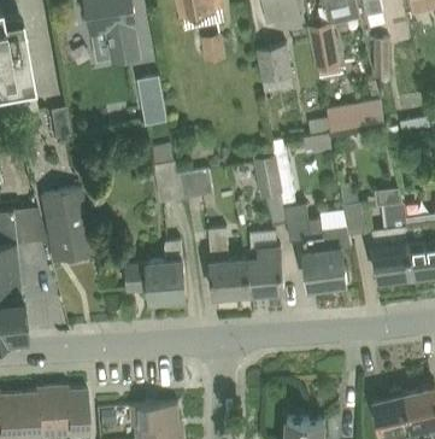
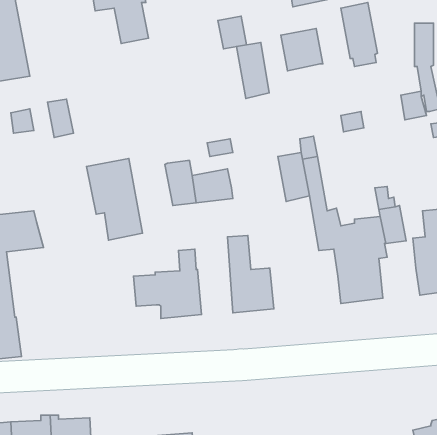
building: [137,78,166,128] -> [236,43,269,98]
building: [41,189,90,262] -> [87,158,143,240]
building: [245,248,283,299] -> none

